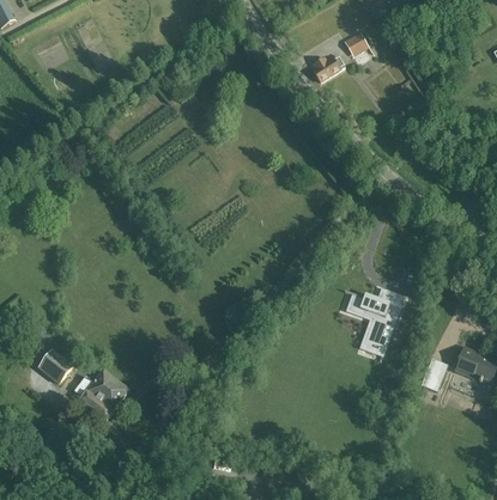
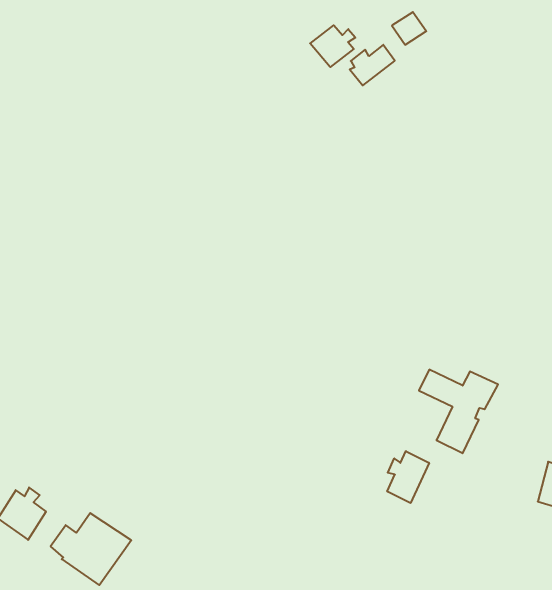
building: none -> [310,25,355,67]
building: none -> [387,451,429,503]

